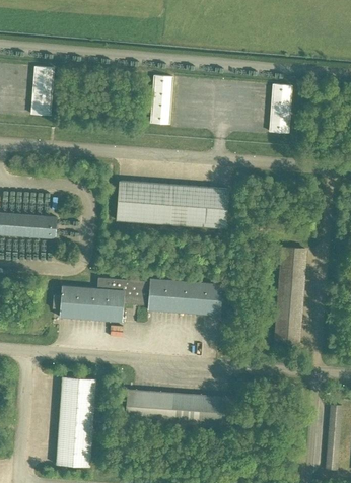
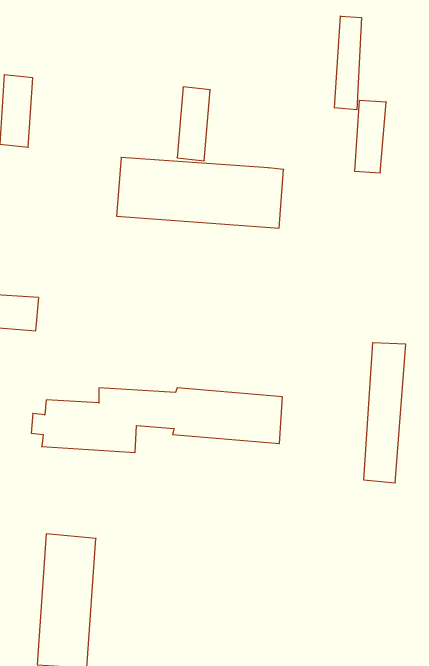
building: none -> [335,16,362,110]
building: [116,181,228,228] -> [117,157,284,228]
building: [125,390,233,427] -> none

